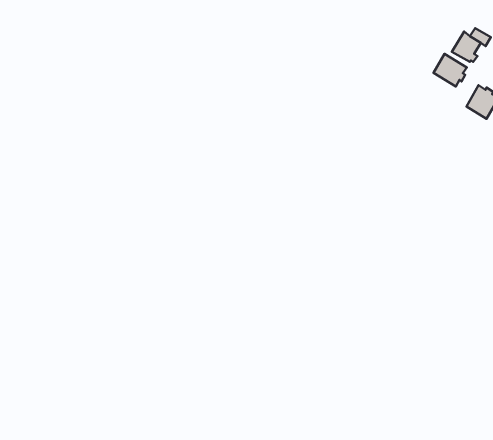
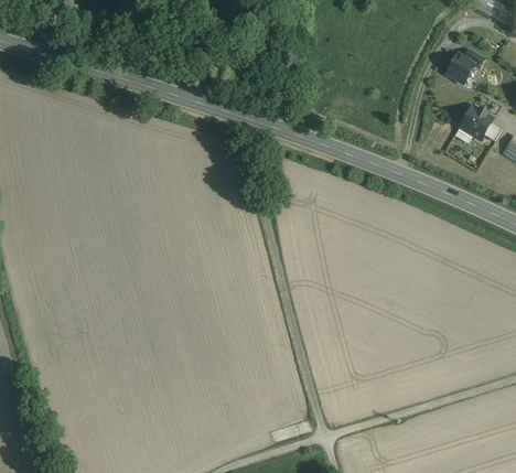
building: [434,54,467,87] -> none

